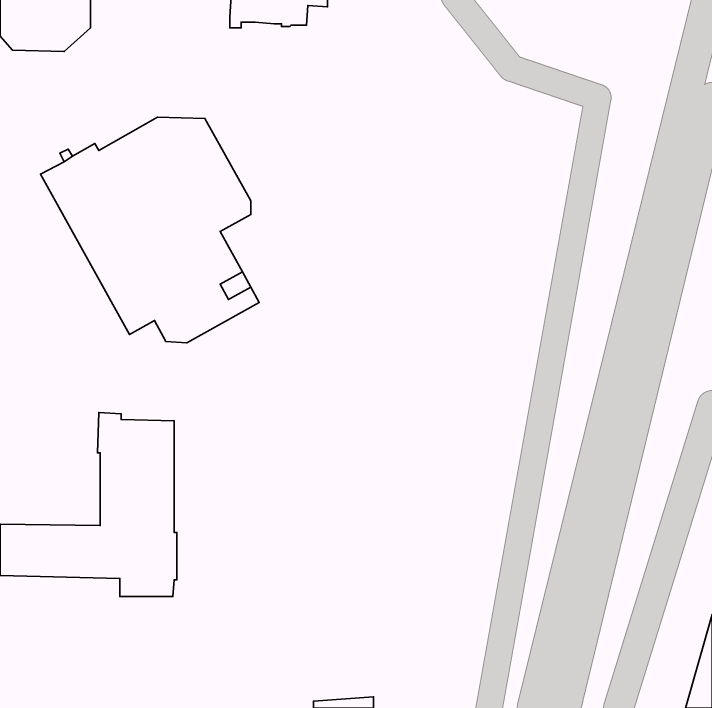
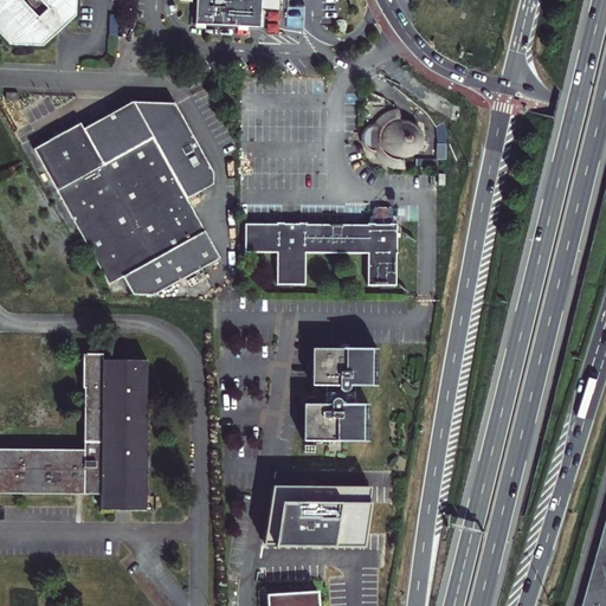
building: none -> [370,115,423,168]
building: none -> [245,224,399,285]
building: none -> [302,355,375,449]
building: none -> [265,481,373,544]

